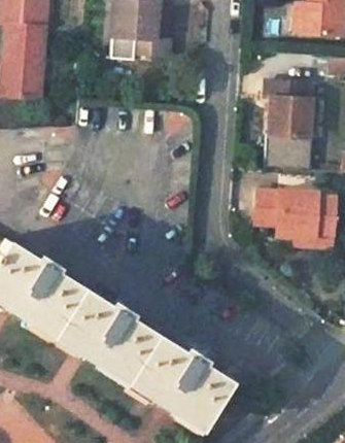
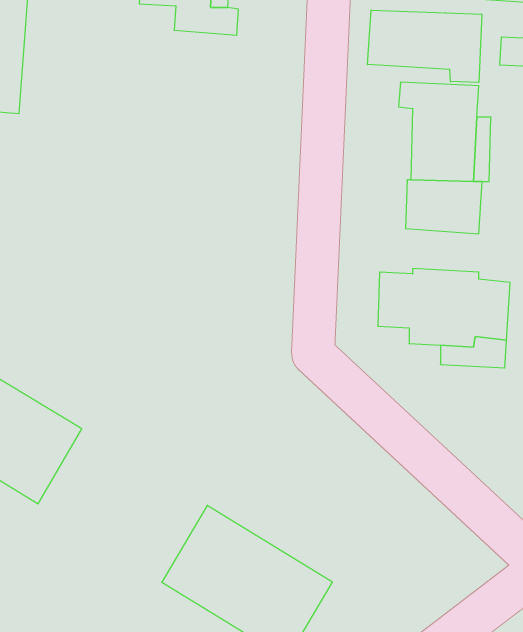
building: none -> [367,10,482,82]
building: [51,287,151,378] -> none

